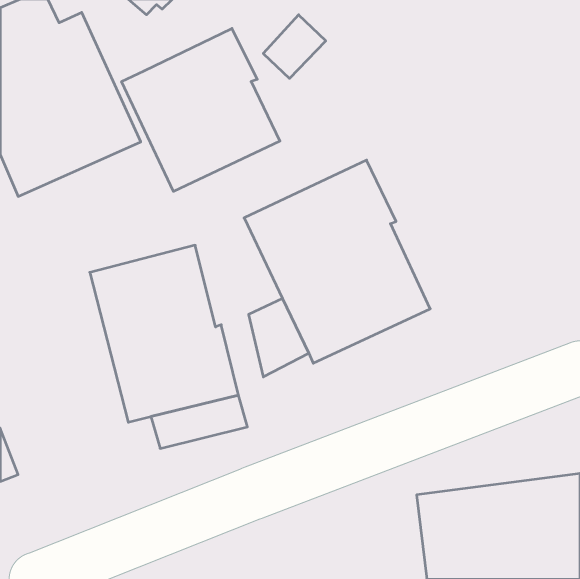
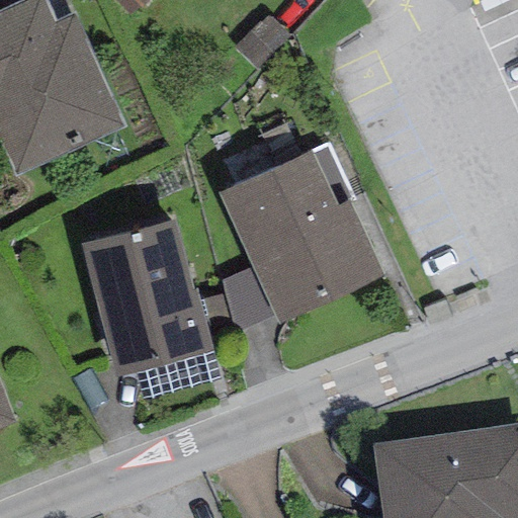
building: [122,28,280,191] -> none

